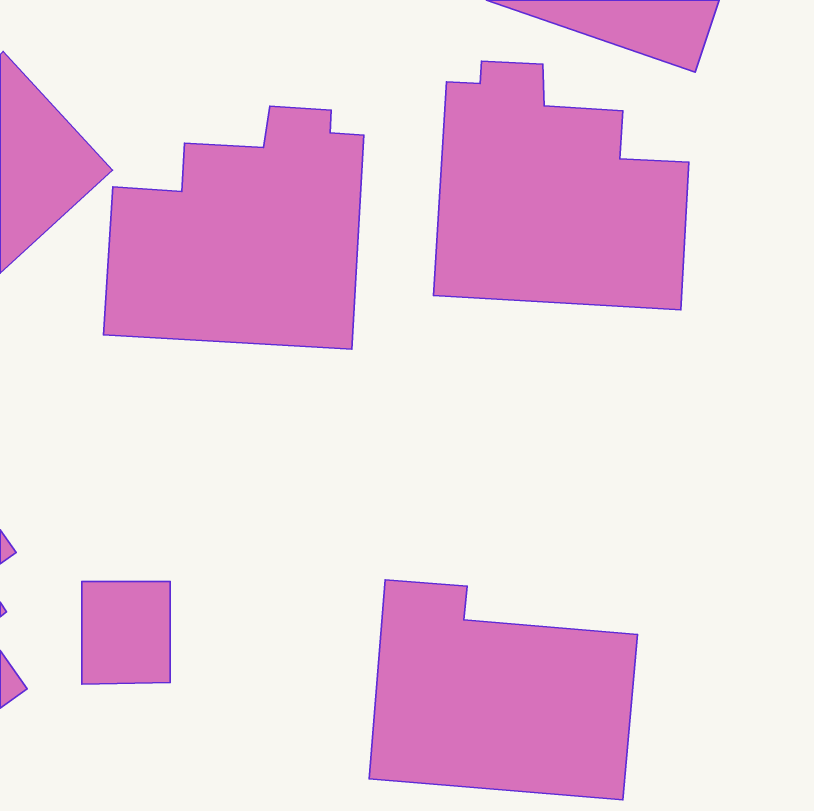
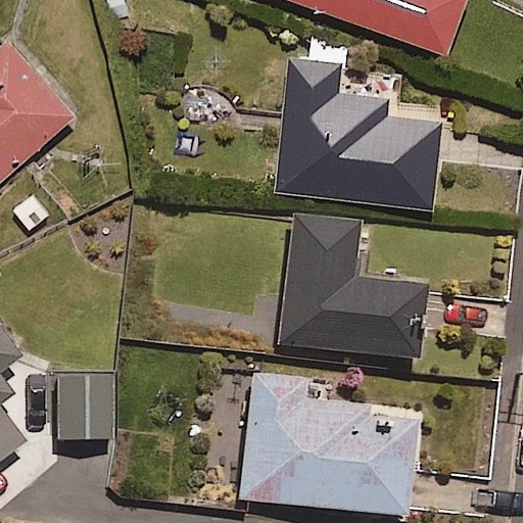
building: [103,106,364,349] -> none
building: none -> [279,216,421,359]

